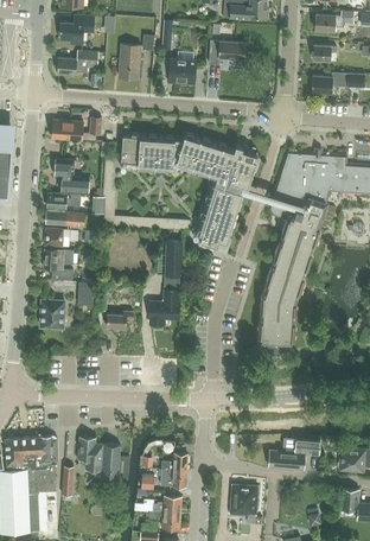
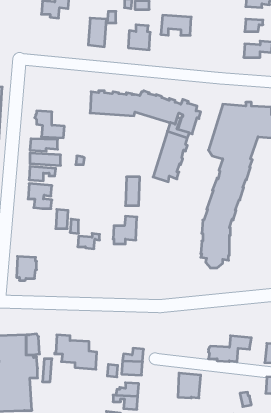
building: [57,51,98,75] -> none
building: [52,117,102,141] -> none
building: [40,300,65,330] -> [17,256,37,280]

